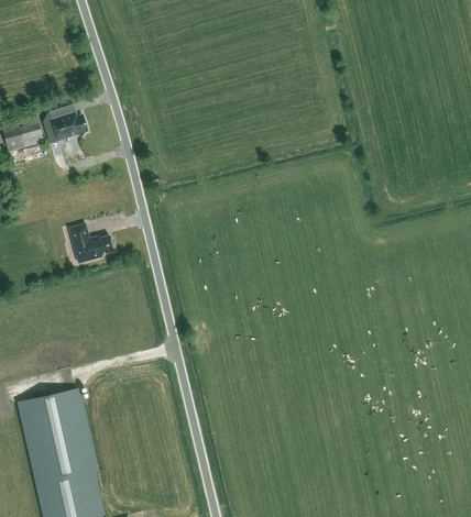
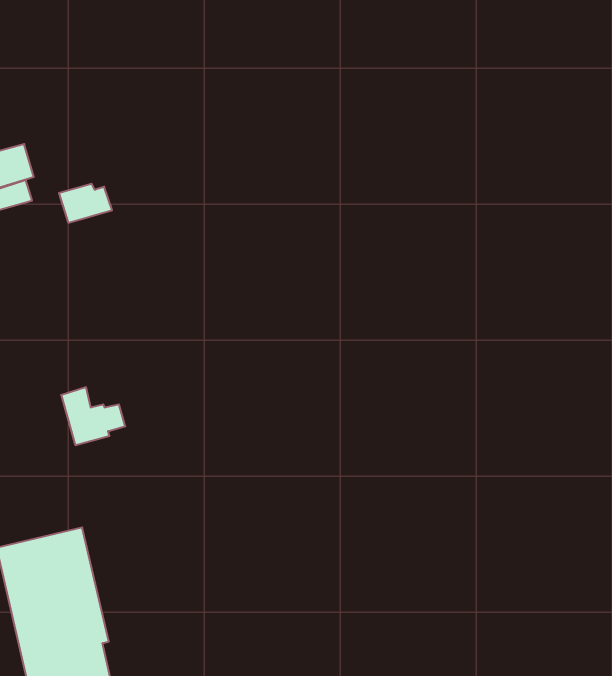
building: [51,112,88,140] -> [59,184,112,223]
building: [68,222,113,263] -> [61,387,125,445]

